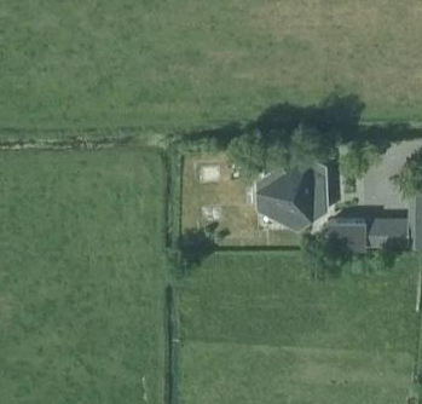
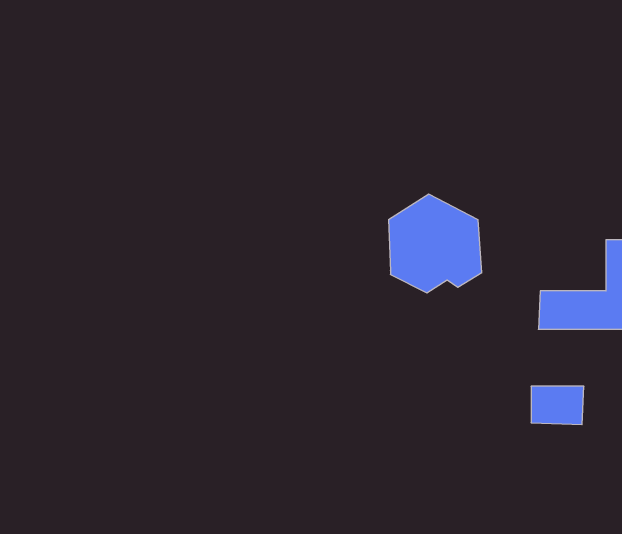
building: [329,223,364,248] -> [531,386,584,425]

